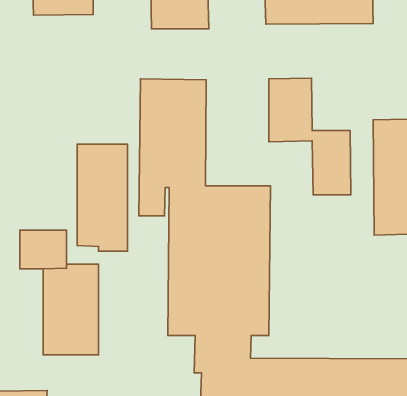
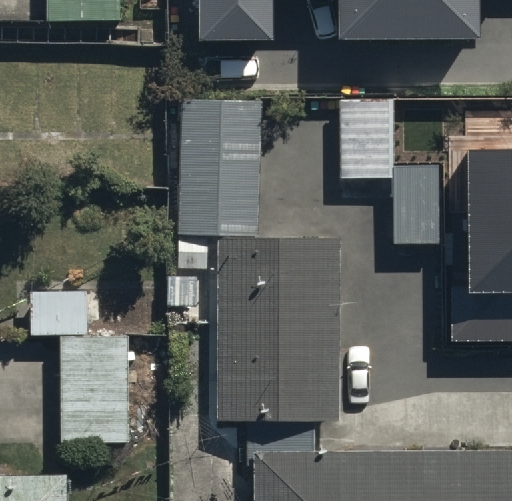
building: [77,144,127,251] -> none

